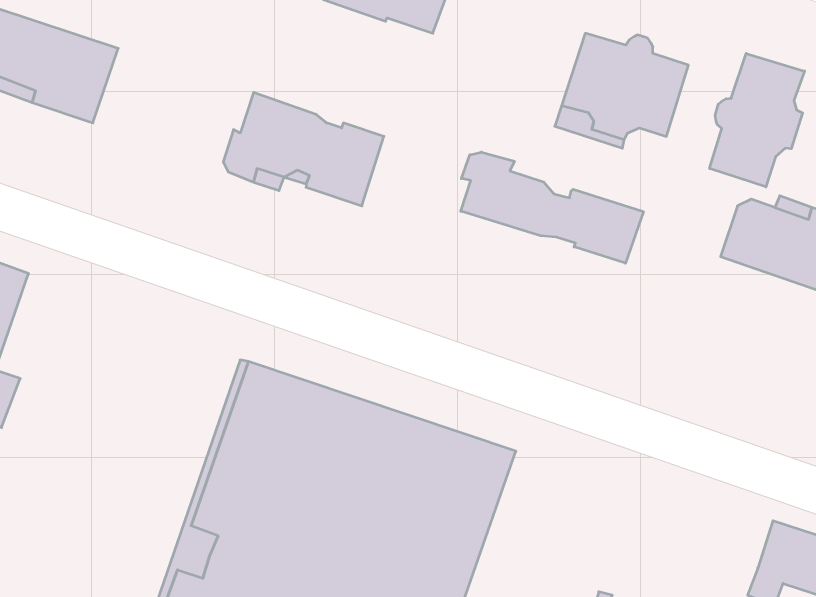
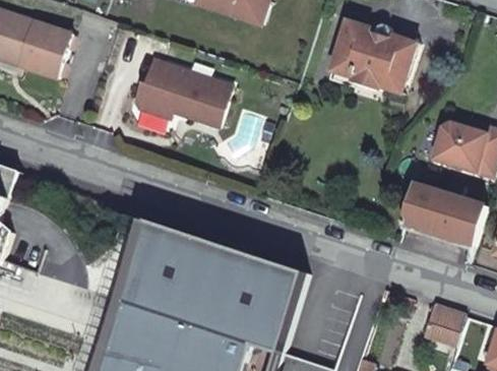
building: [710,53,805,187] -> none
building: [461,152,643,263] -> none
building: none -> [401,184,485,246]
building: none -> [423,305,464,345]

